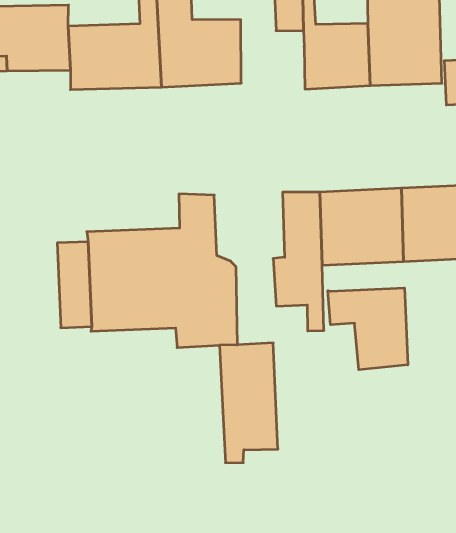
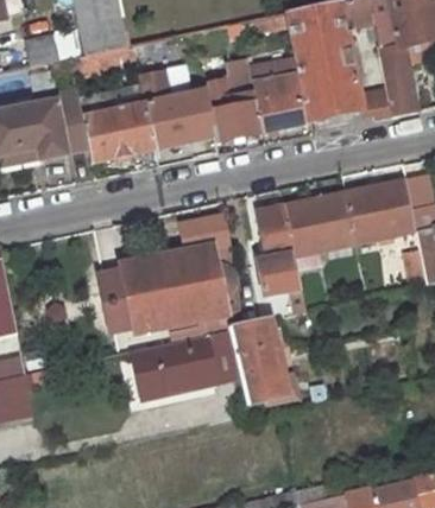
building: none -> [204,81,261,140]
building: [328,288,408,370] -> none
building: none -> [133,329,241,399]

